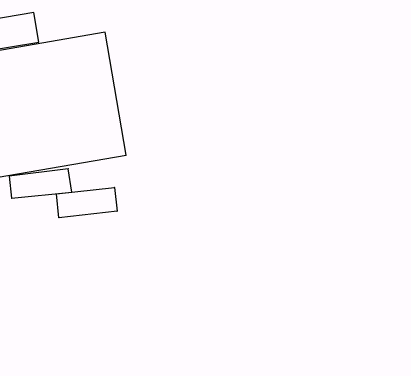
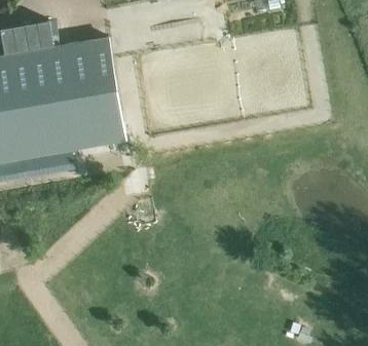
building: [56,187,117,218] -> none

